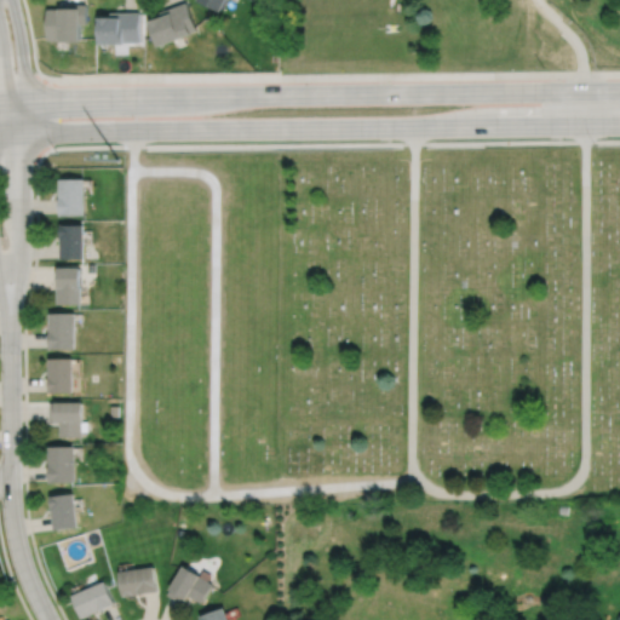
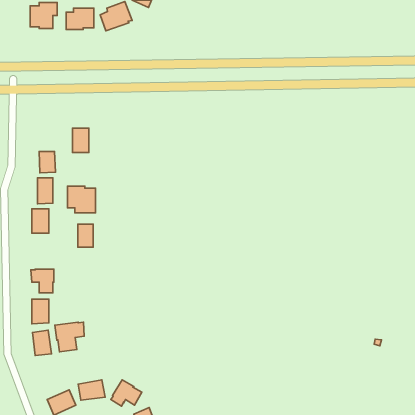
building: [58,182,82,218] -> [72,128,89,153]
building: none -> [68,186,95,213]
building: [47,358,70,392] -> [78,224,93,247]
building: none -> [55,322,84,352]

